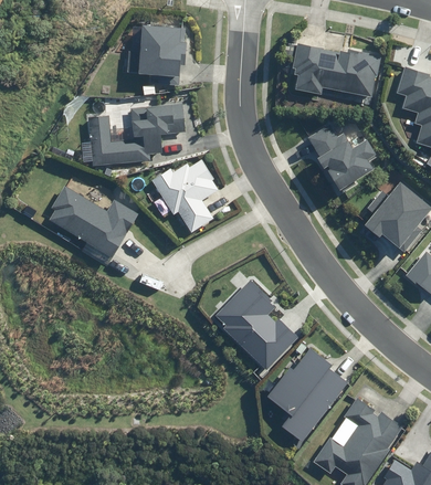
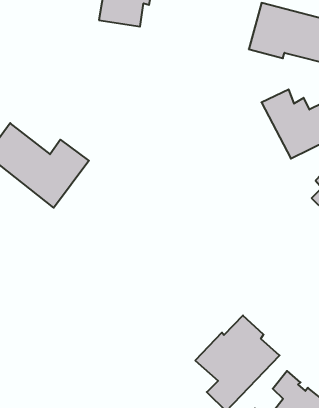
building: [87,104,183,164] -> none
building: [150,159,218,232] -> none
building: [216,281,296,370] -> none

